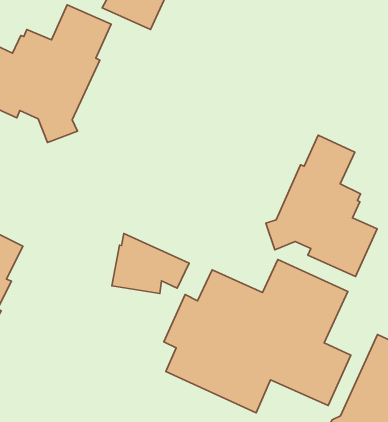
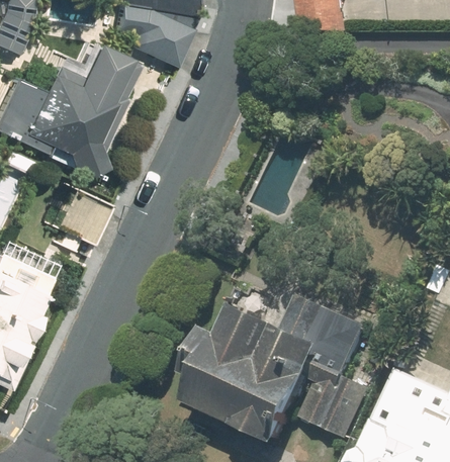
building: [266,135,377,276] -> none
building: [112,233,189,294] -> none

